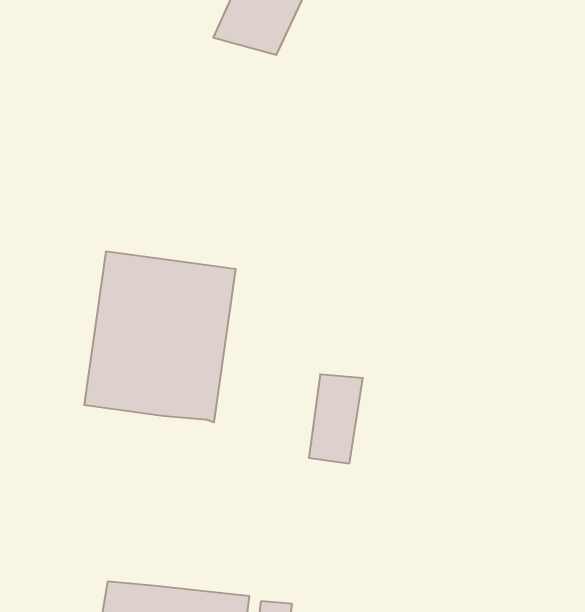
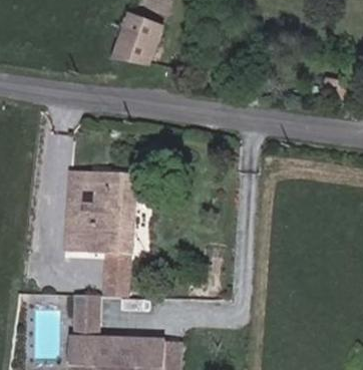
building: [309,374,363,463] -> [104,252,128,296]
building: none -> [74,294,99,338]

